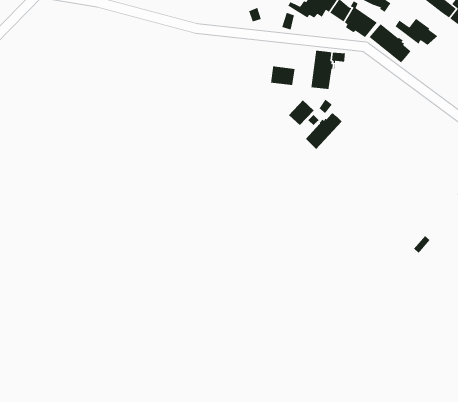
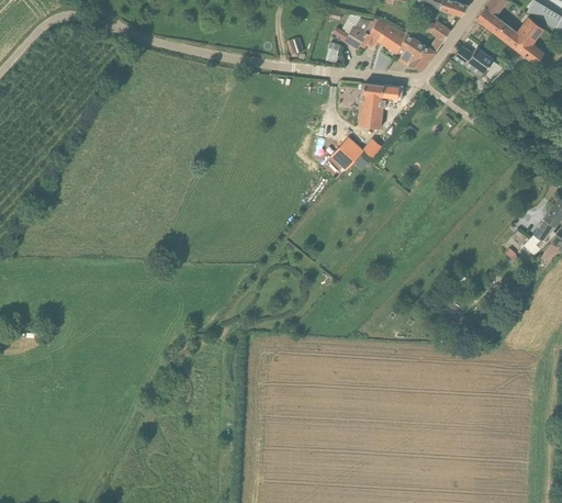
building: [369,23,412,64] -> none
building: [270,65,295,86] -> none
building: [305,112,343,150] -> none

